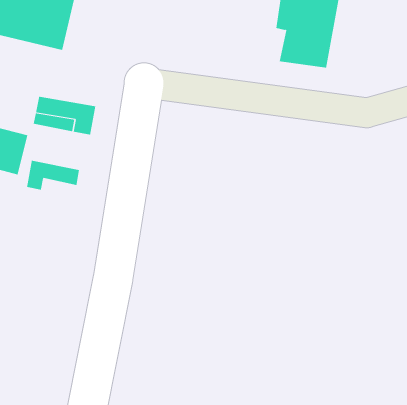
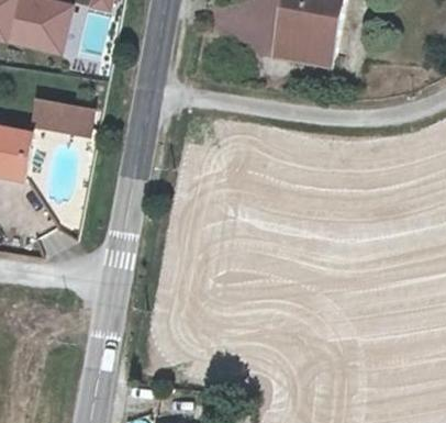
building: [26,160,80,190] -> none

